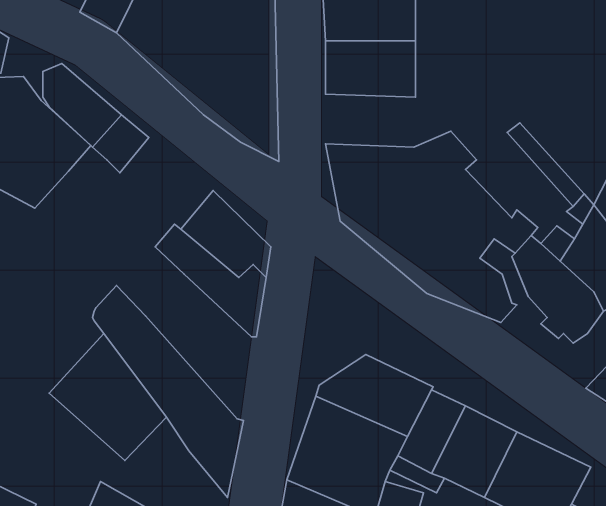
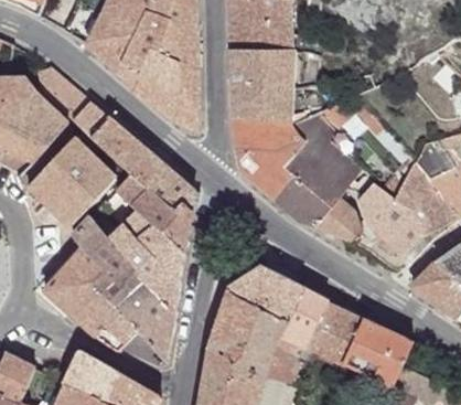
building: none -> [232,86,293,122]
building: none -> [90,116,154,179]
building: none -> [26,134,118,228]
building: none -> [108,210,184,310]
building: none -> [94,308,138,352]

